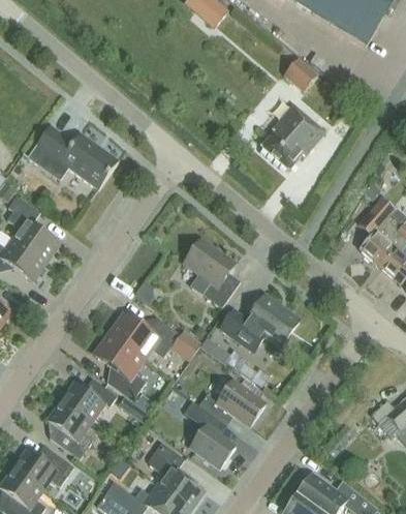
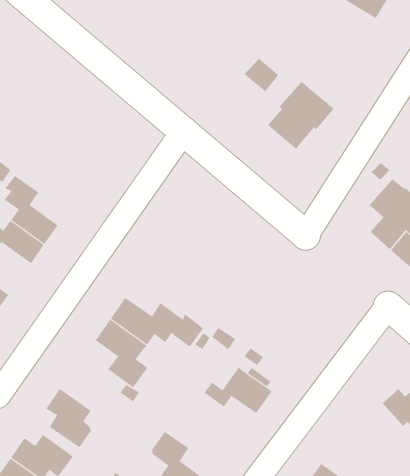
building: [283,58,317,91] -> [244,58,279,92]
building: [27,126,119,188] -> none
building: [184,239,240,307] -> none
building: [219,294,300,346] -> none
building: [60,377,117,422] -> none
building: [184,400,236,467] -> none

